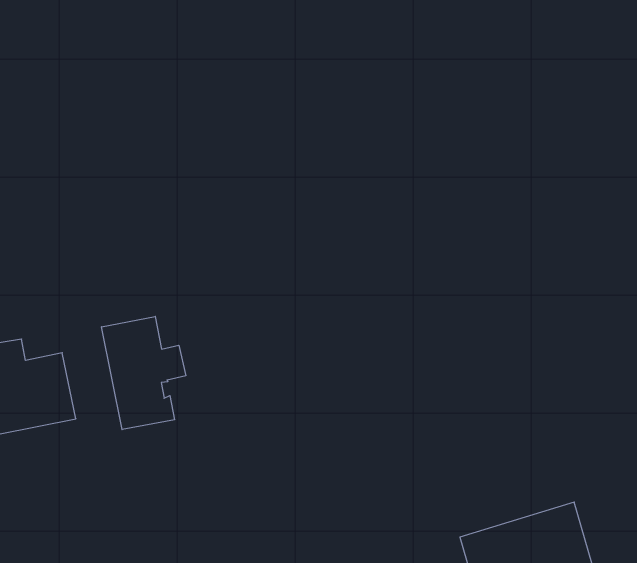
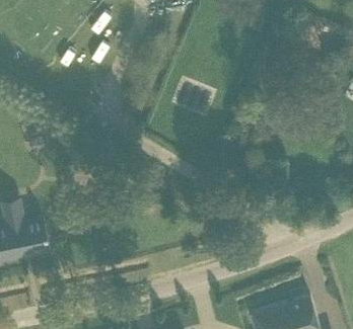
building: [102,316,186,430] -> none

